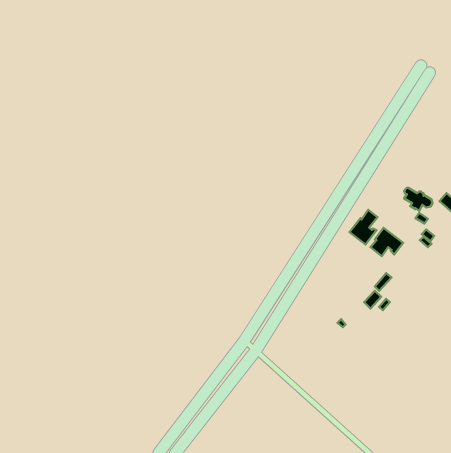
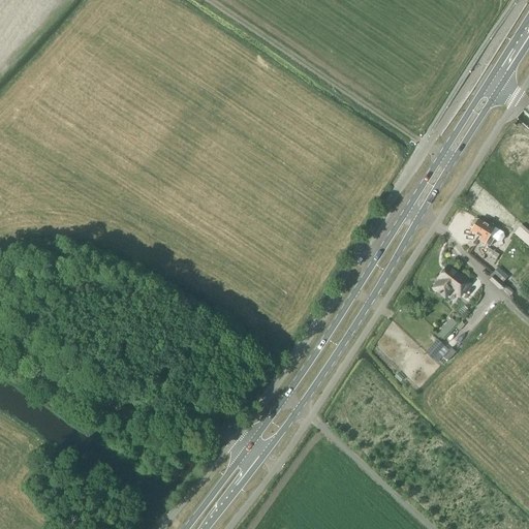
building: [350,210,378,244] -> none

